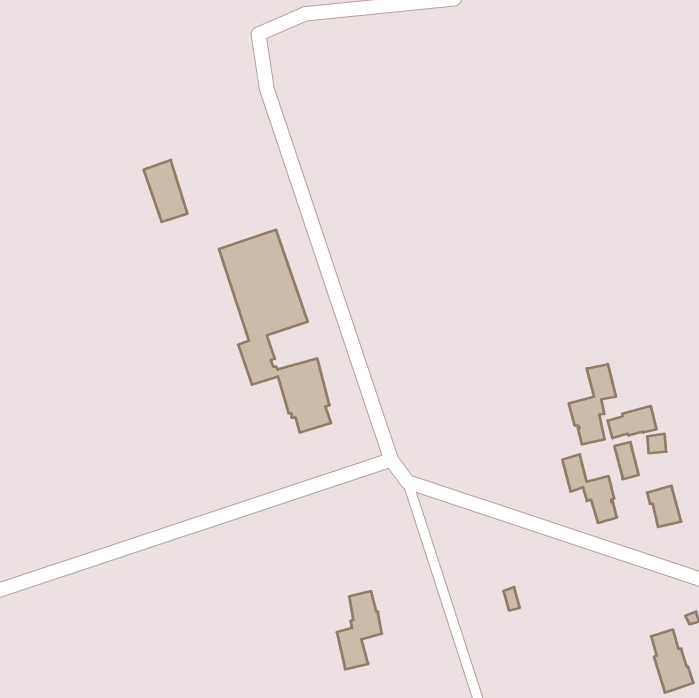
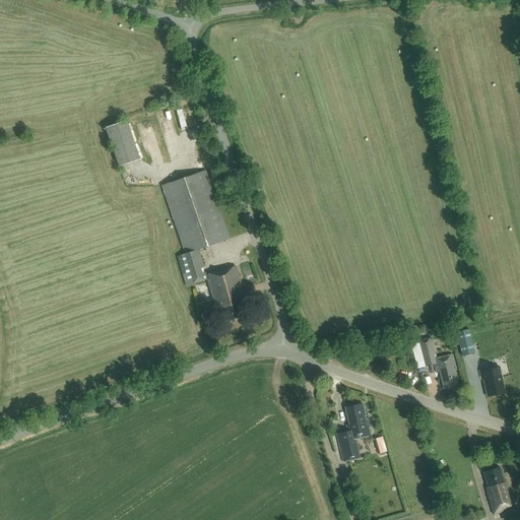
building: [569,364,616,444] -> none
building: [608,406,656,438] -> none
building: [337,591,382,669] -> [336,403,370,461]

